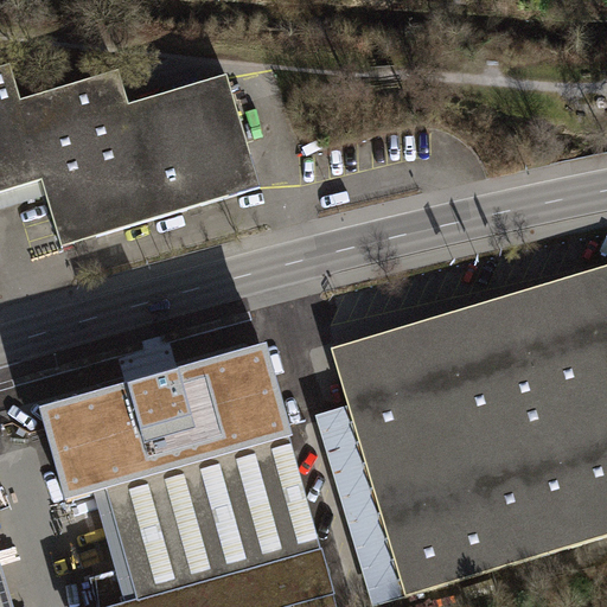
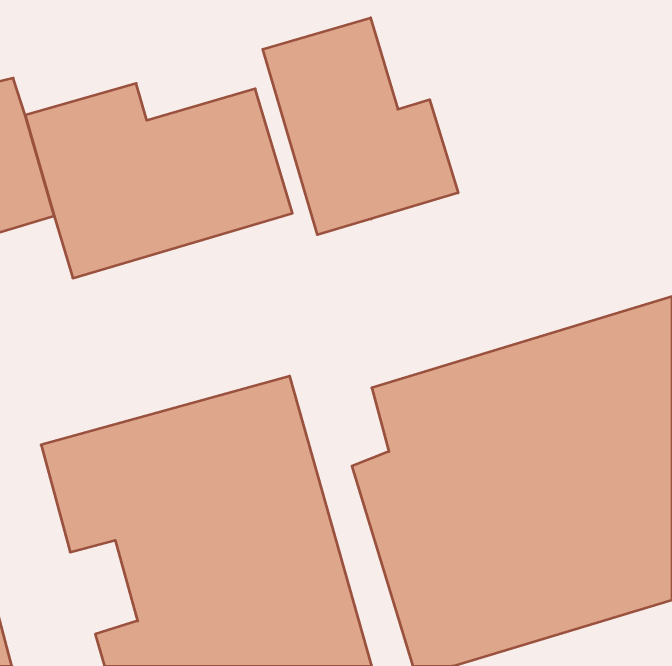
building: none -> [263,18,458,235]

